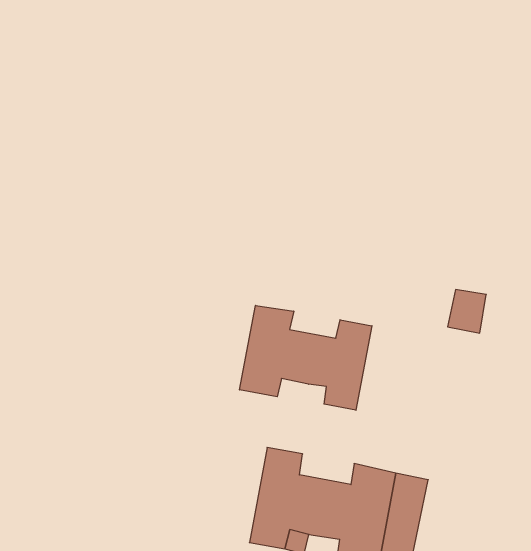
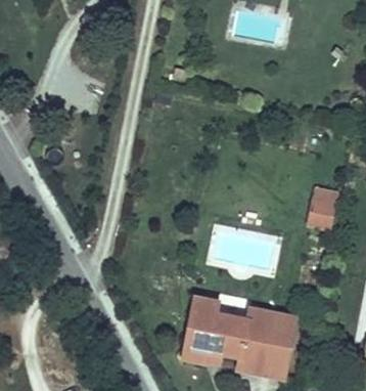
building: [240,305,372,410] -> none

